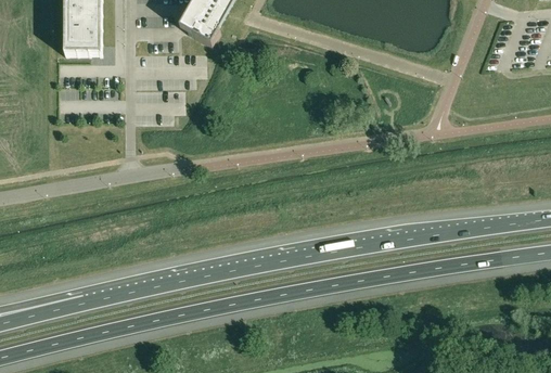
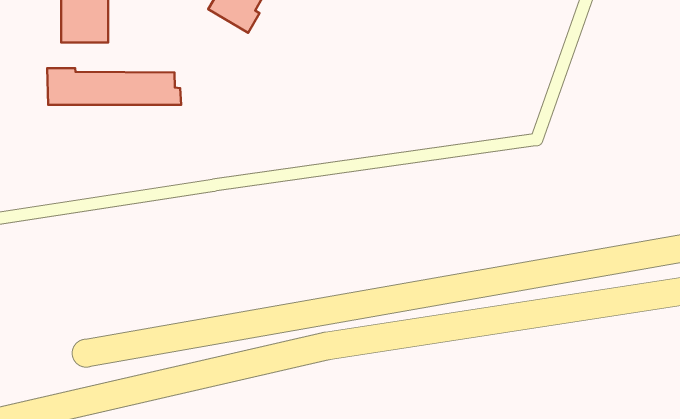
building: none -> [47,68,181,105]

